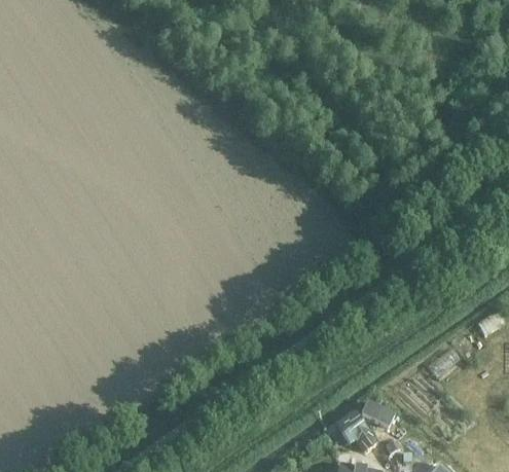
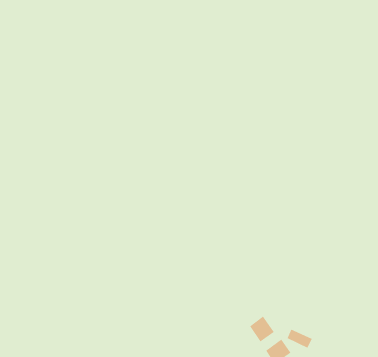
building: none -> [249,315,275,343]

